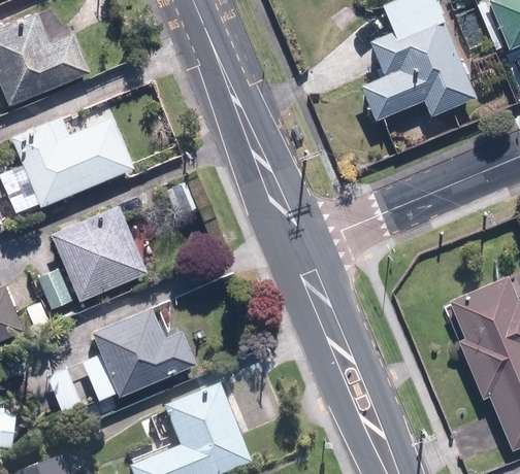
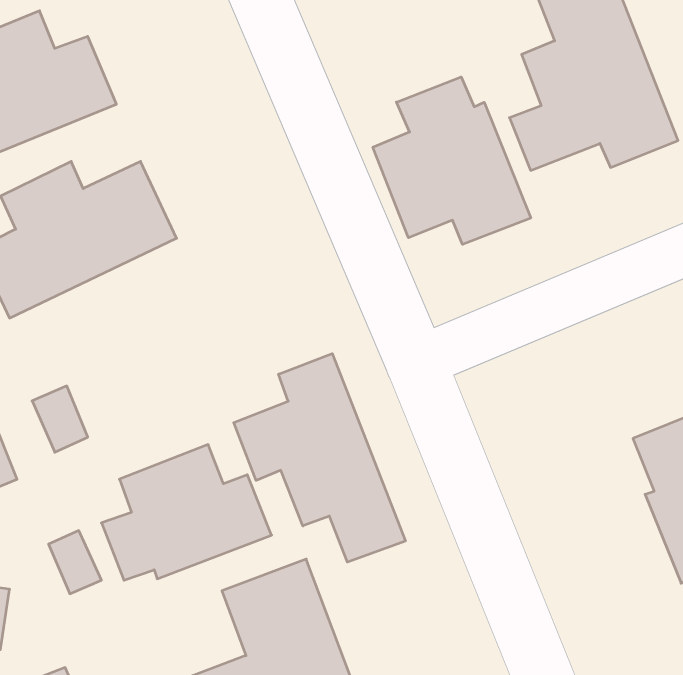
building: none -> [373,77,531,244]
building: [50,204,149,301] -> none
building: none -> [234,354,405,562]

